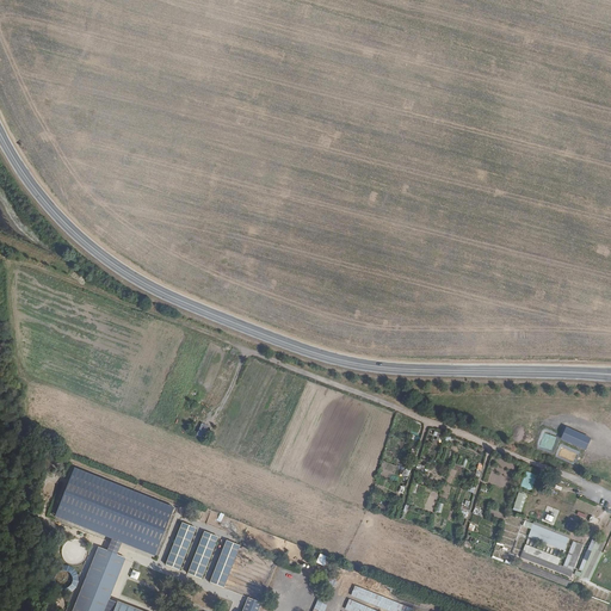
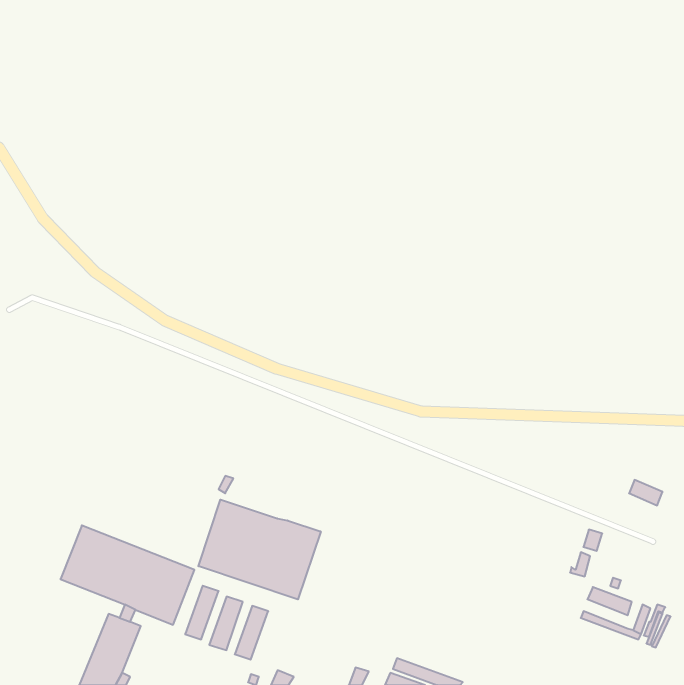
building: none -> [198,500,321,599]

